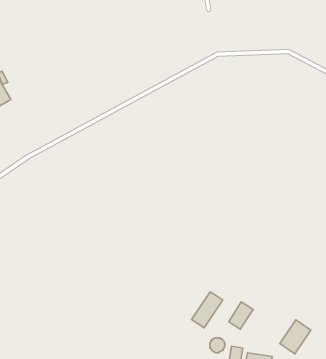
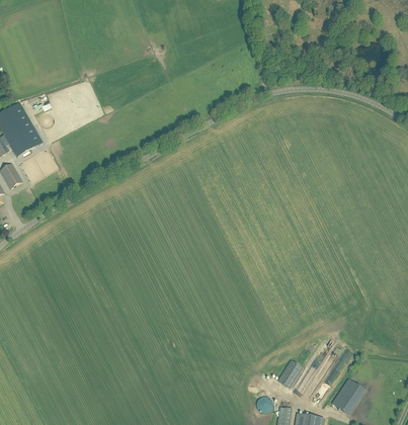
building: [192,292,223,328] -> none

